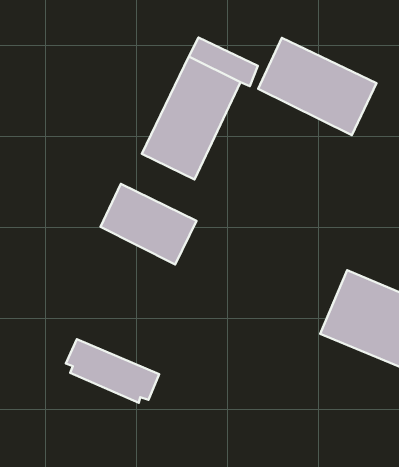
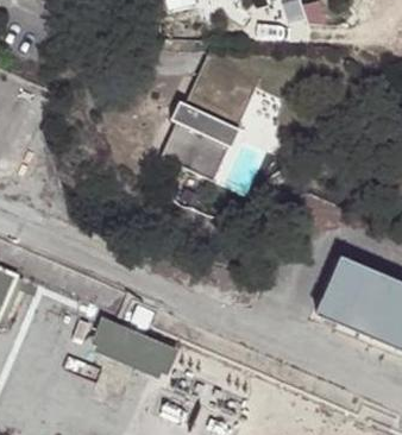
building: [258,38,377,135] -> none
building: [100,184,196,264] -> none

